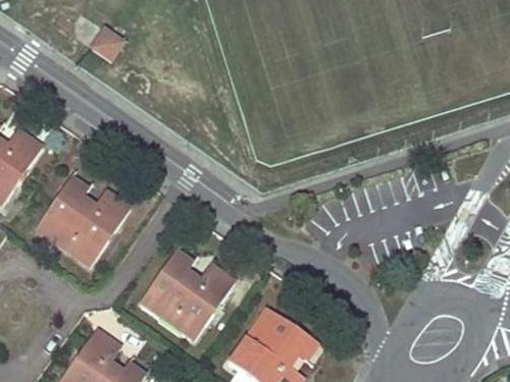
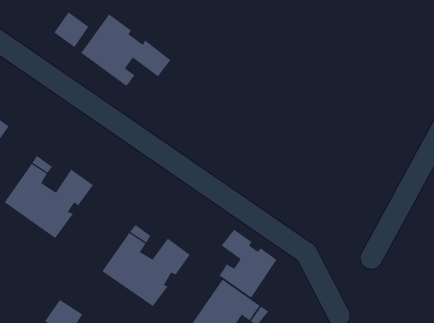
building: none -> [80,14,171,87]
building: none -> [219,229,277,298]

